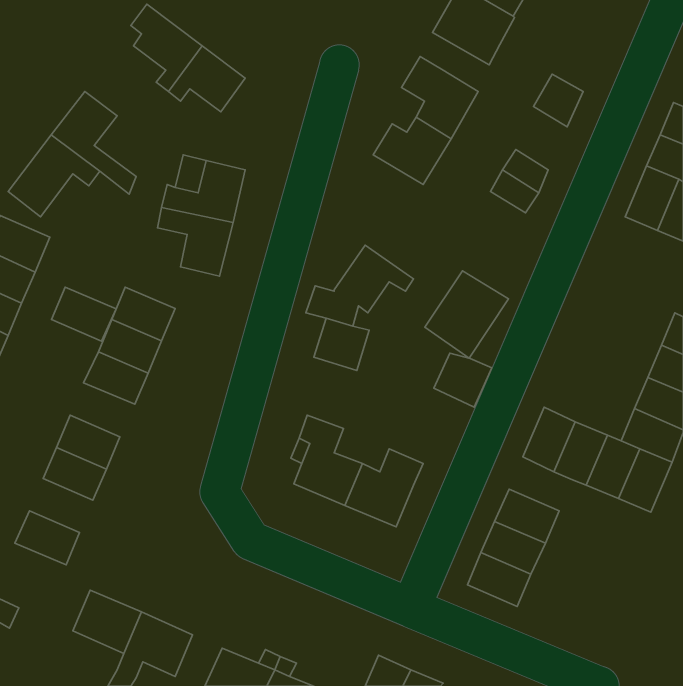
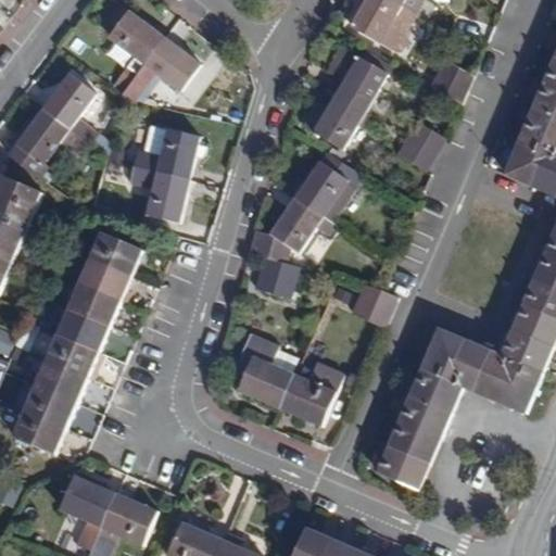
building: [425,271,508,358] -> [294,152,362,223]
building: [52,287,116,341] -> [56,308,109,352]
building: none -> [410,368,462,412]
building: none -> [24,386,75,429]

